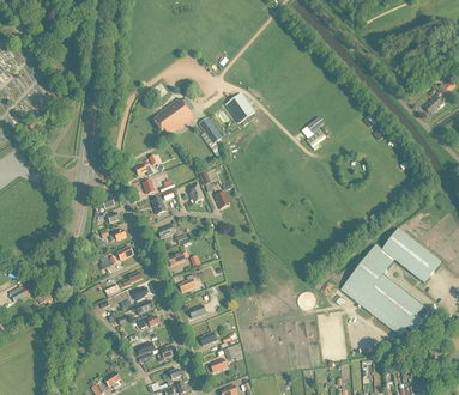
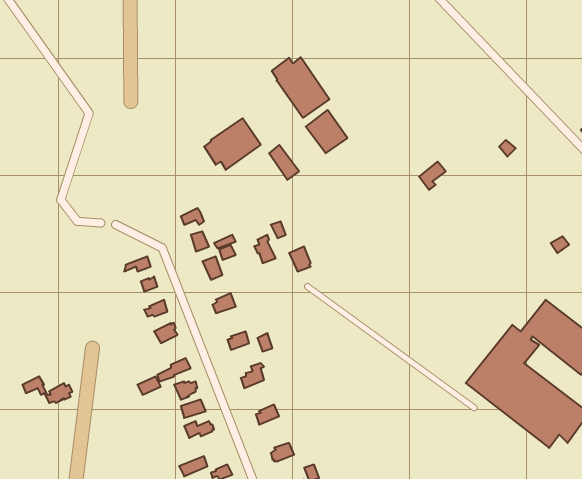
building: none -> [272,57,329,118]

